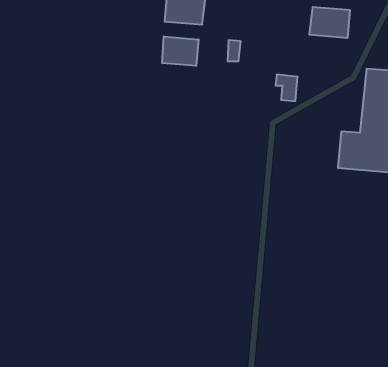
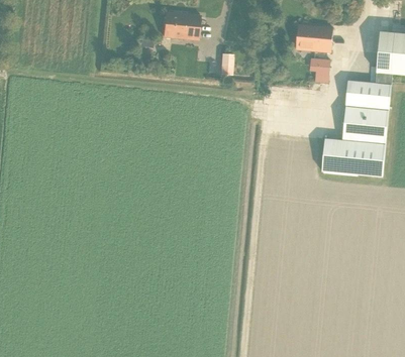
building: [162,36,199,66] -> none
building: [276,75,298,101] -> [310,57,330,82]

